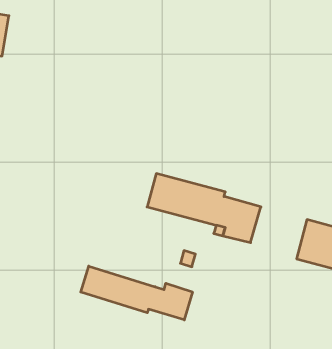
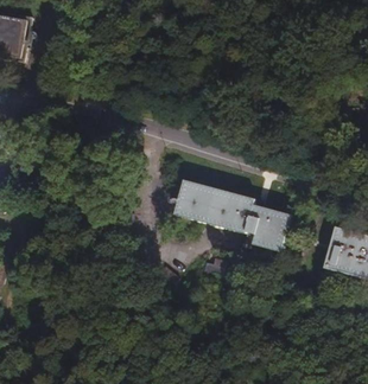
building: [81,266,192,320] -> none

